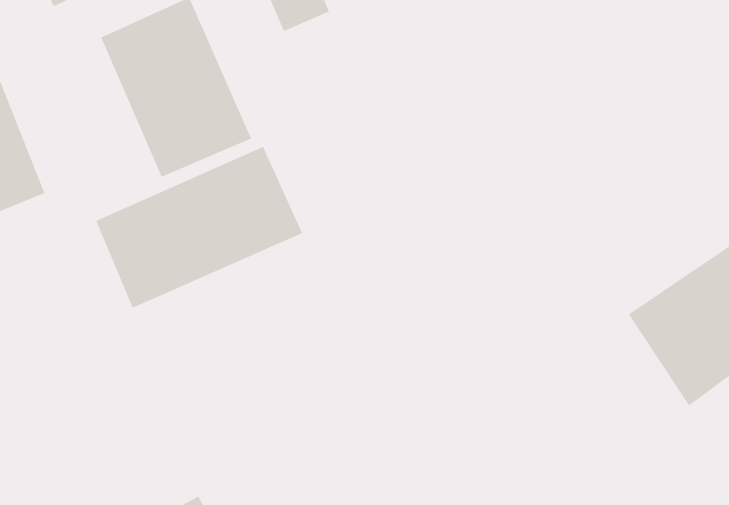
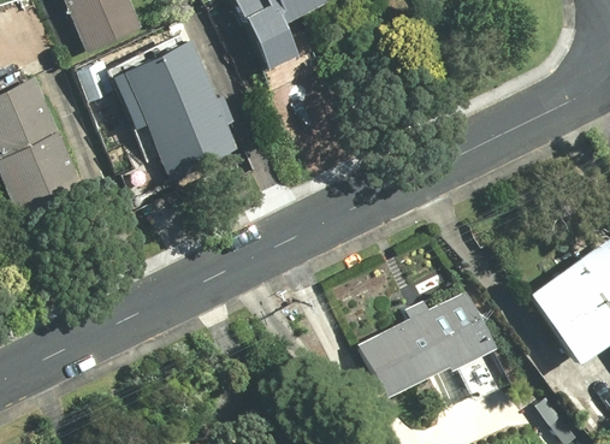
building: [95,146,303,309] -> none
building: none -> [359,292,492,397]

